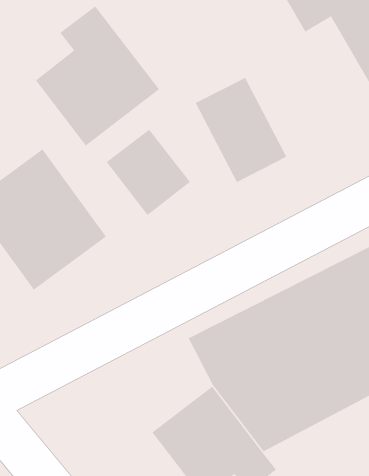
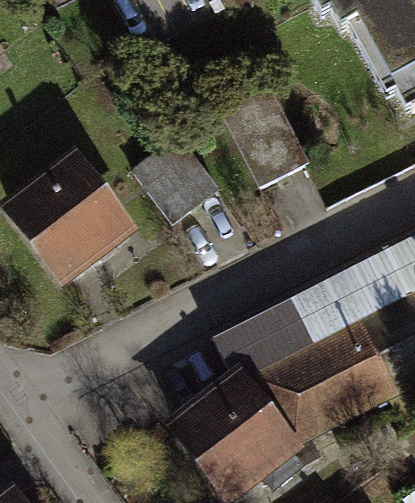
building: [35,6,160,146] -> none

